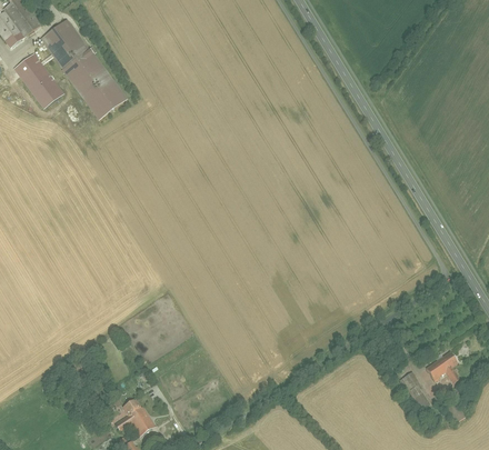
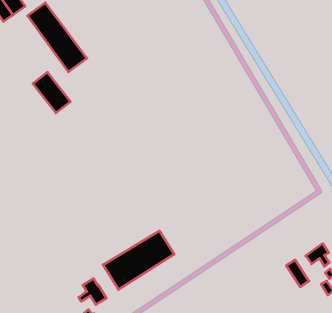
building: [12,52,63,108] -> [33,72,70,113]
building: none -> [103,231,174,290]

